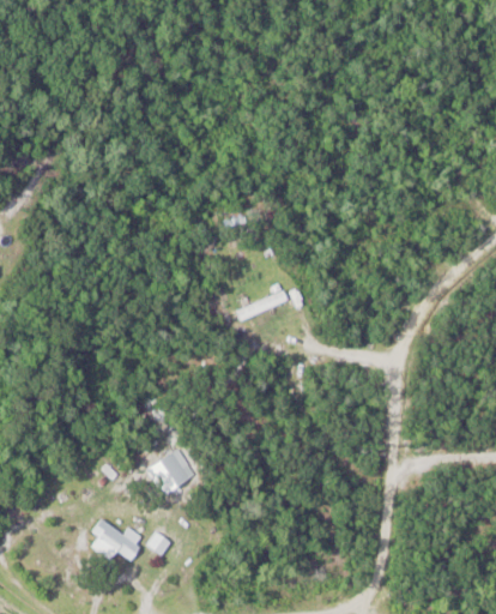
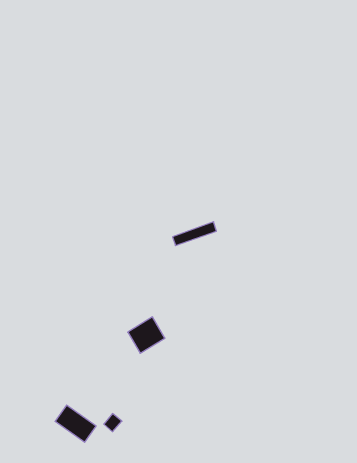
building: [149,447,195,493] -> [128,317,165,353]

